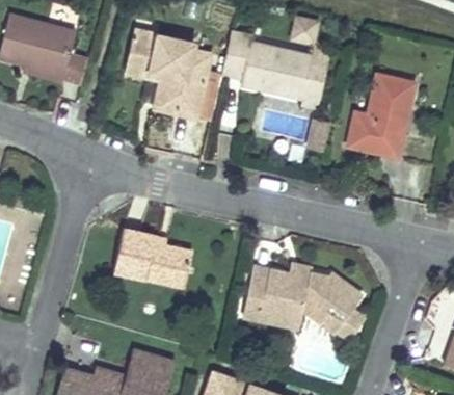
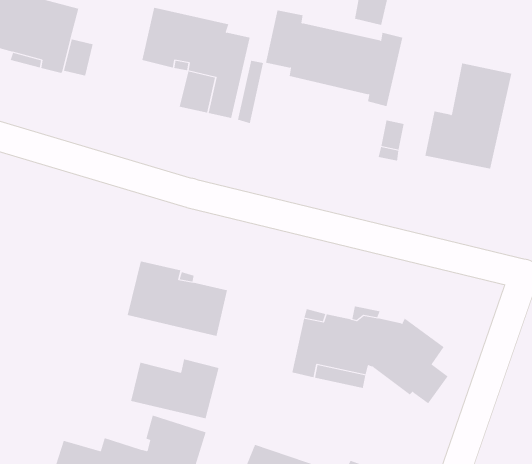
building: none -> [130,358,219,419]

